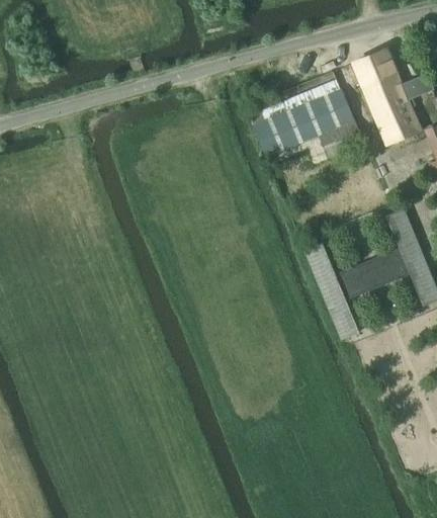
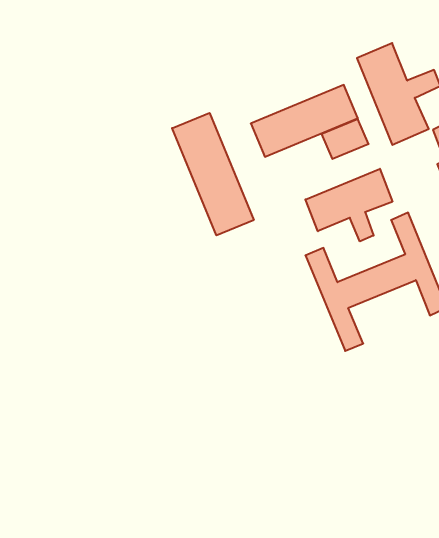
building: none -> [172,113,254,235]
building: none -> [305,169,392,241]

